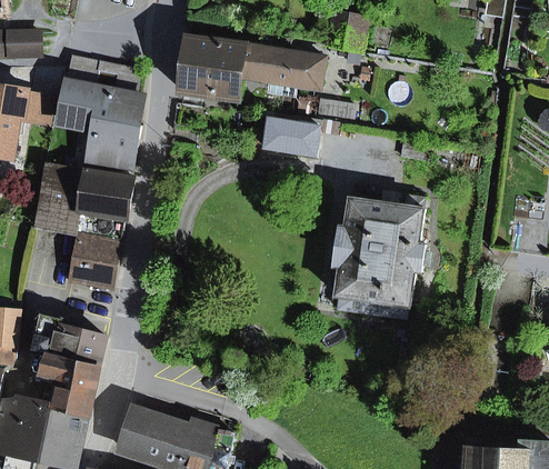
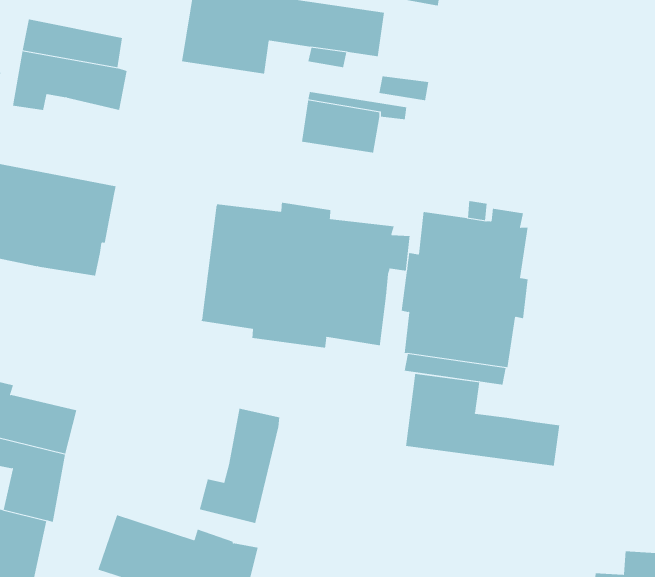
building: [87,117,138,169] -> none
building: none -> [201,202,410,348]
building: [69,236,118,287] -> none
building: none -> [406,373,560,467]
building: none -> [199,408,280,524]

